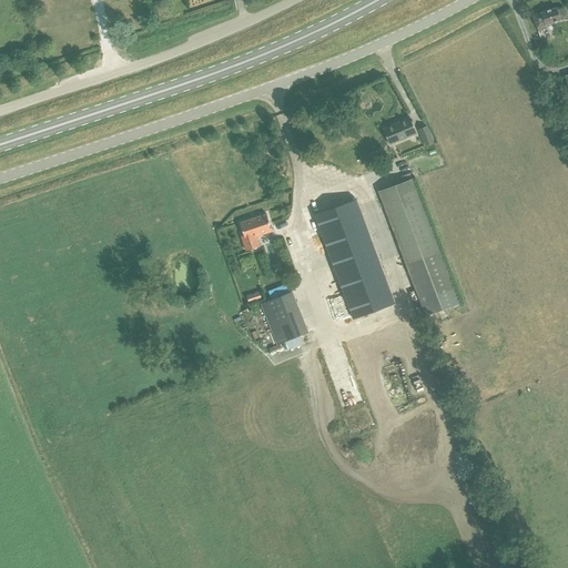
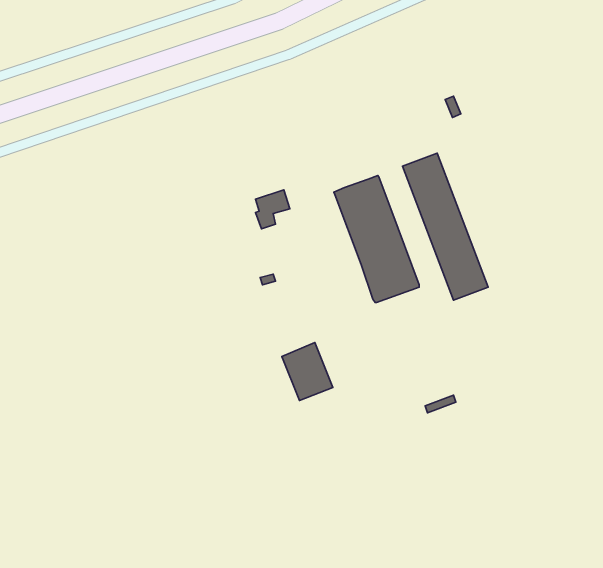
building: [382,118,416,144] -> none
building: [260,291,307,345] -> [282,342,333,401]

